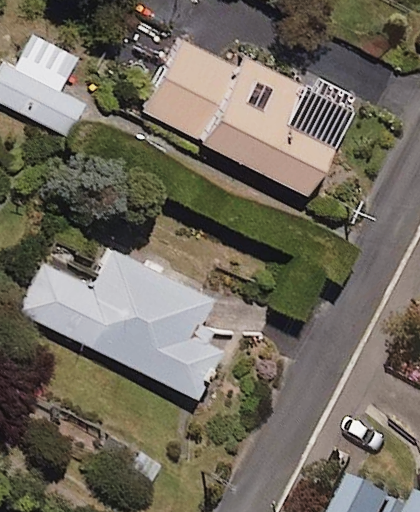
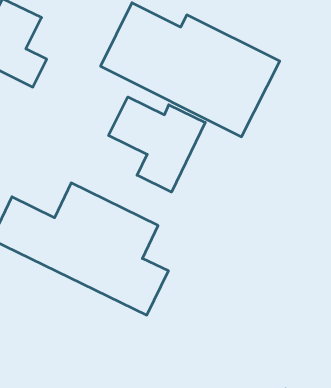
building: none -> [109,97,205,192]

